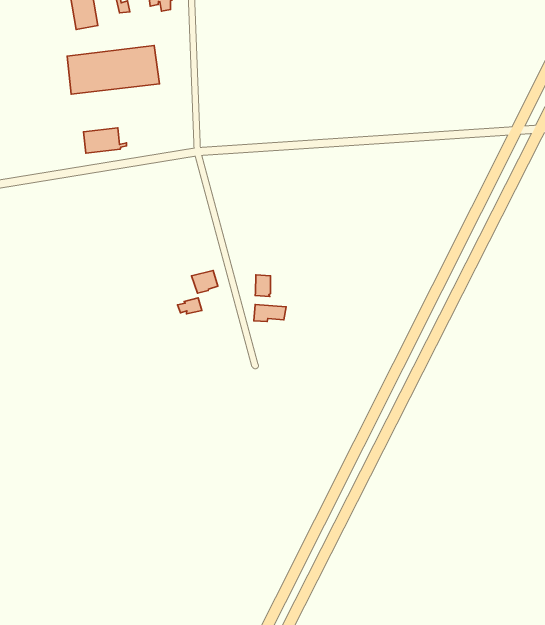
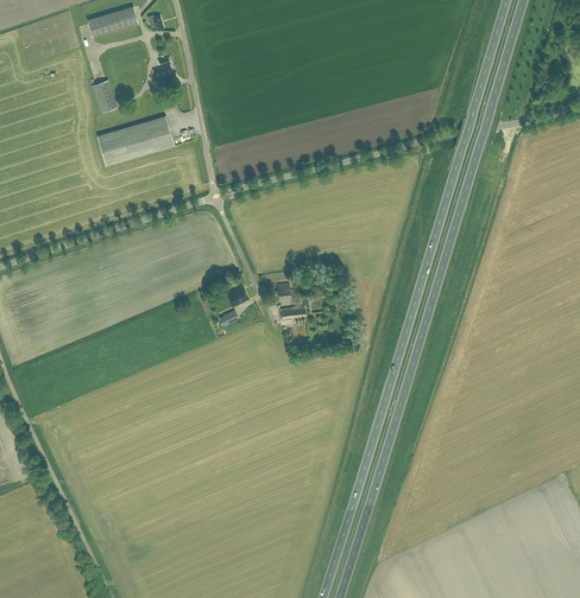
building: [83,128,127,153] -> none

